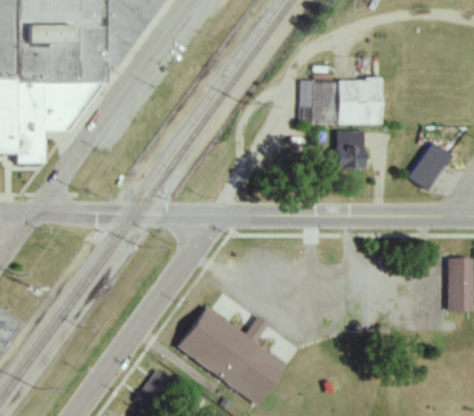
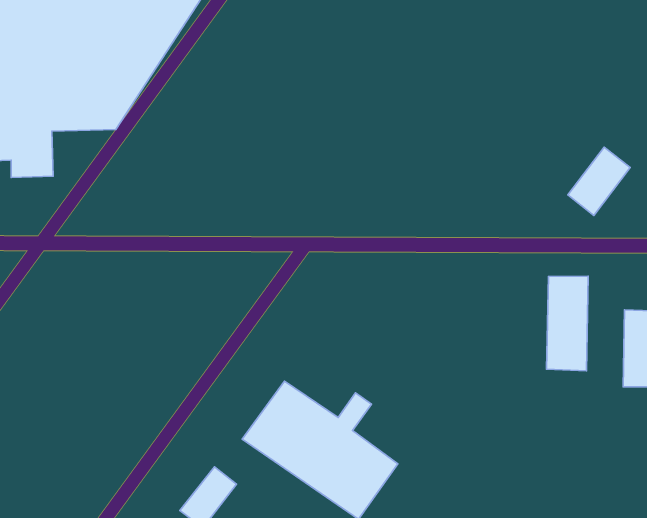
building: [297,79,380,123] -> none
building: [333,129,362,168] -> none
building: none -> [547,276,588,371]

